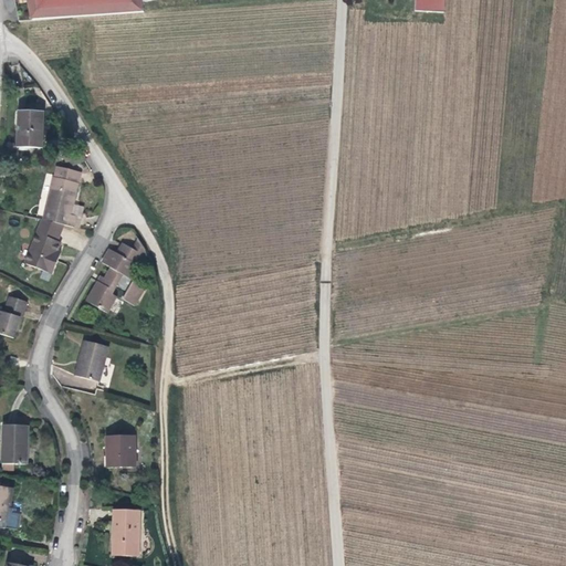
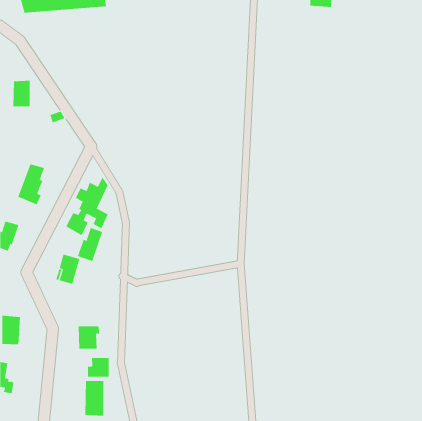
building: [41,166,78,228] -> none
building: none -> [77,227,103,262]
building: none -> [87,357,109,378]

